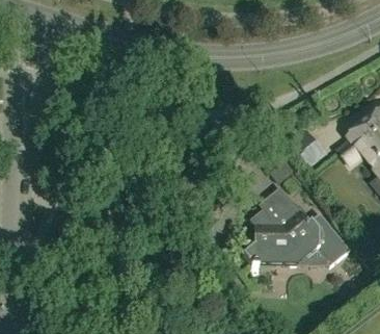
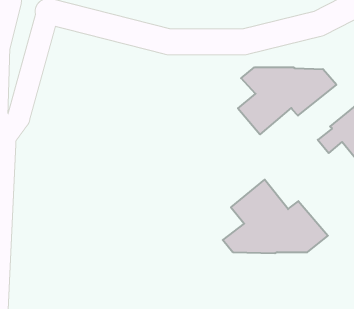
building: none -> [238,67,336,134]

